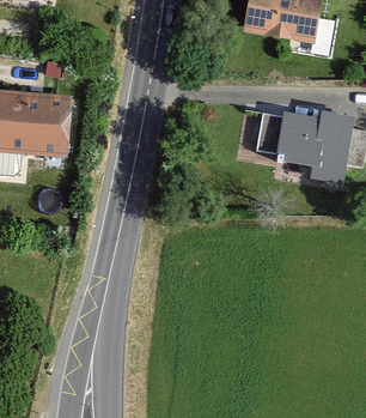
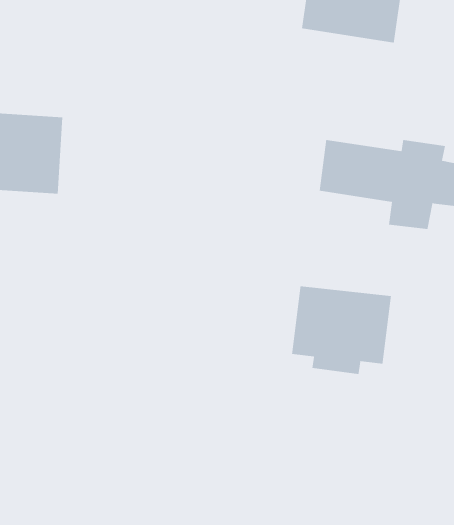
building: none -> [291,285,391,375]

